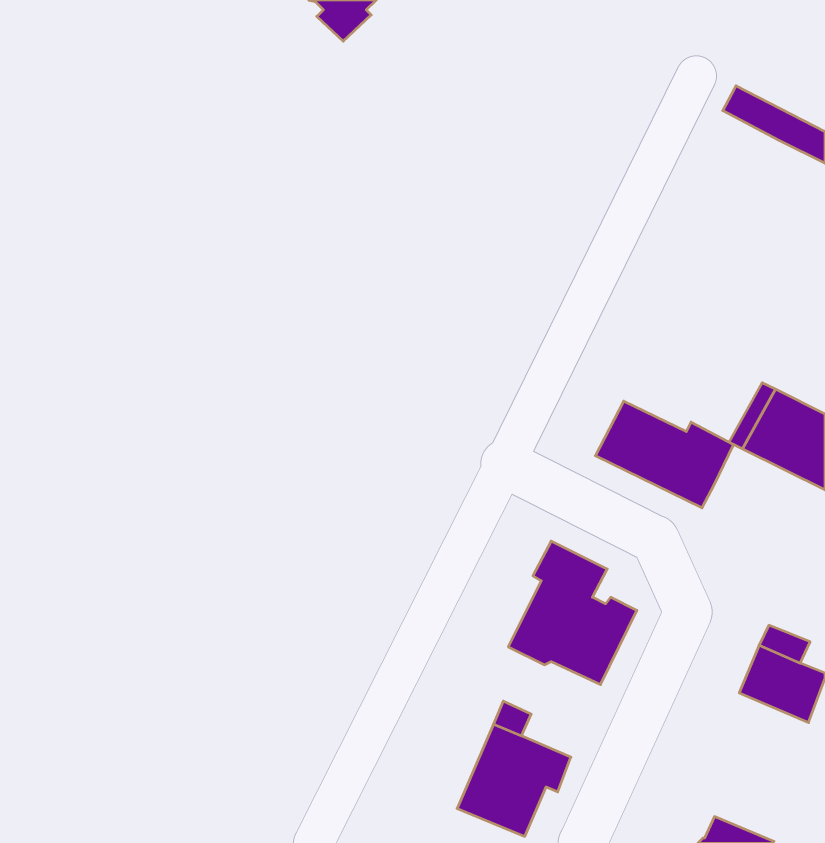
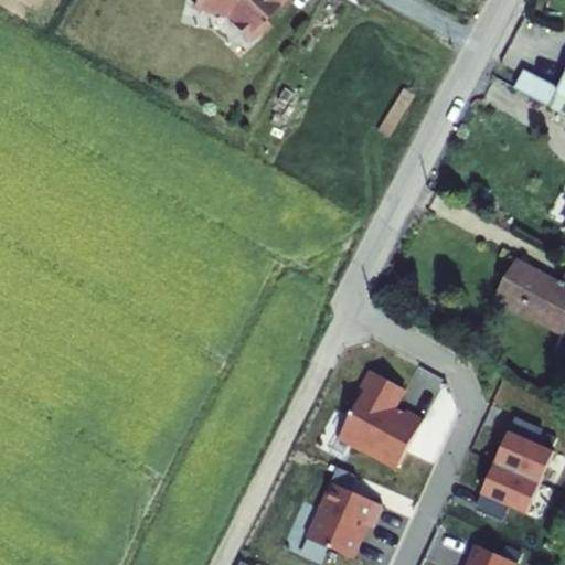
building: [595,401,734,508] -> none
building: none -> [478,463,541,521]

